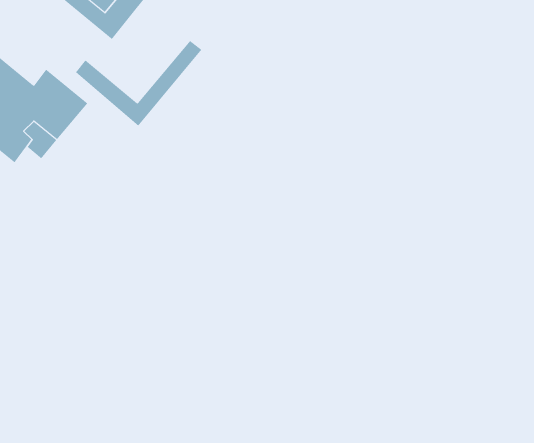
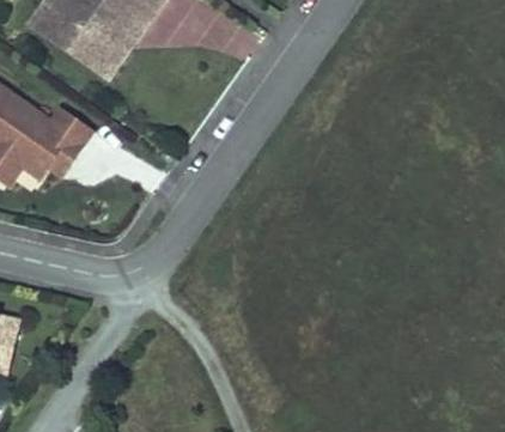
building: [75,40,202,127] -> none

